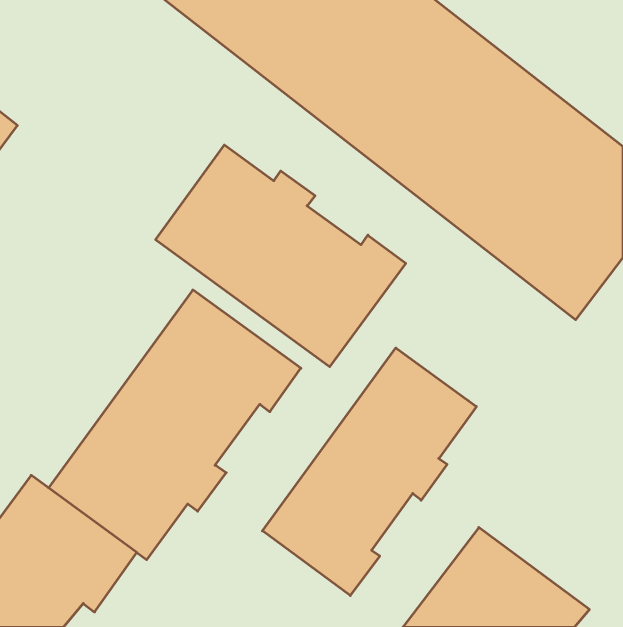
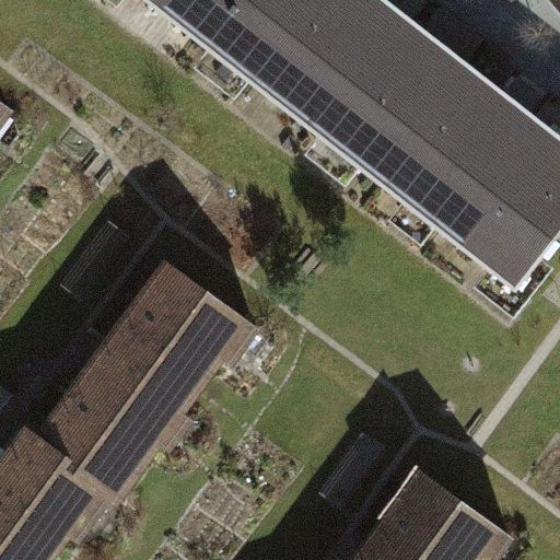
building: [156,145,406,367] -> none
building: [262,348,476,596] -> none

